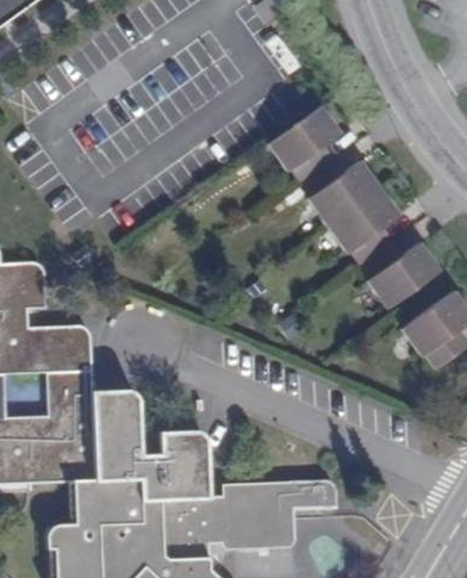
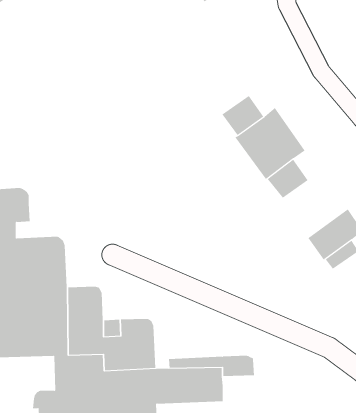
building: [268,104,341,170] -> none
building: [367,241,438,307] -> none

